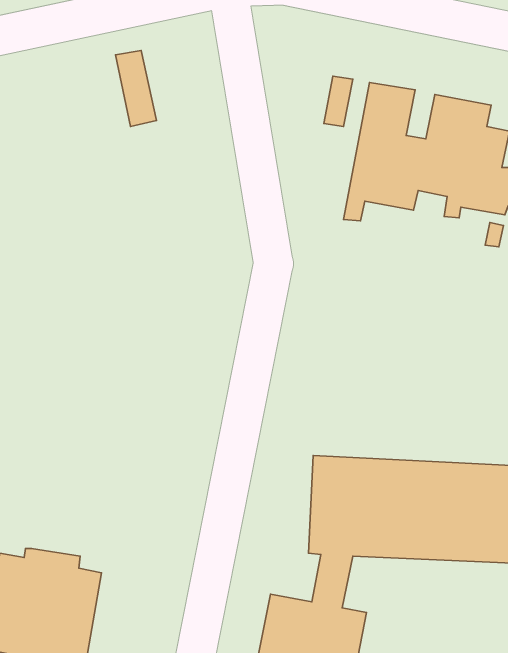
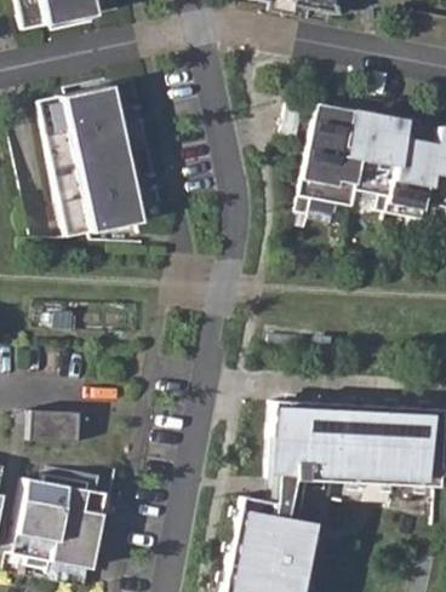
building: none -> [41,86,142,237]
building: none -> [32,412,81,444]

